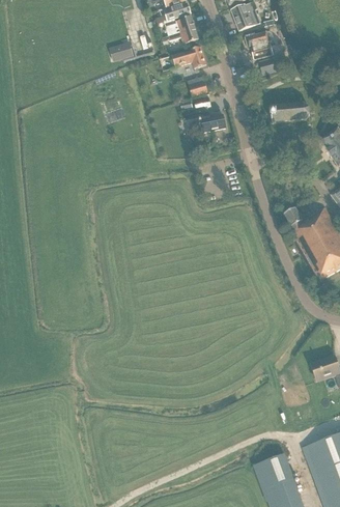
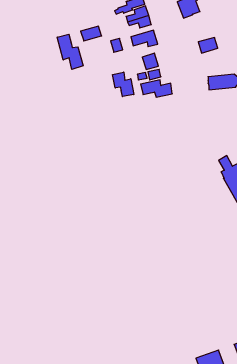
building: [244,31,272,59] -> none
building: none -> [57,34,83,69]
building: none -> [113,72,134,97]

